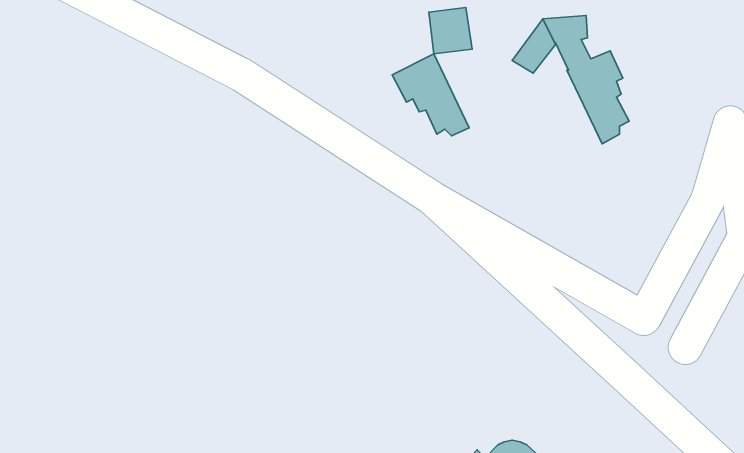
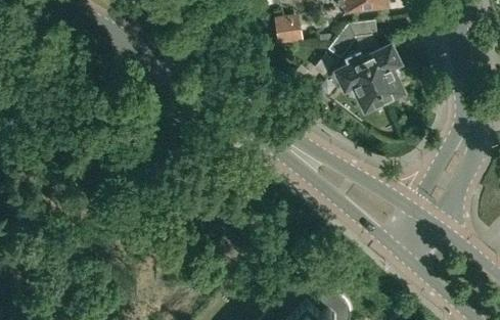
building: [392,54,469,136] -> [337,58,387,110]

